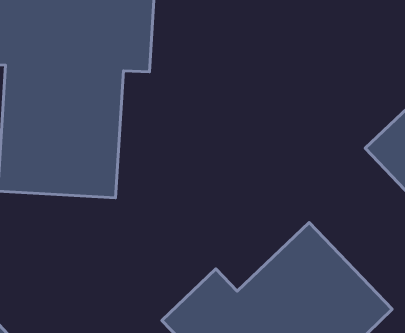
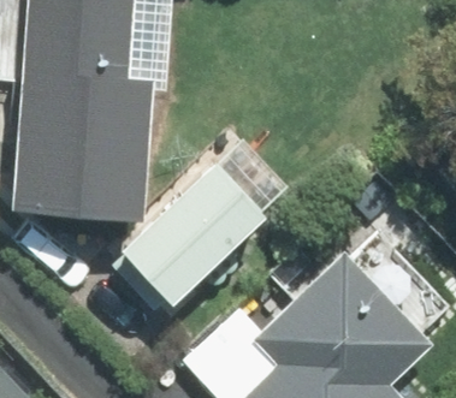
building: none -> [118,167,263,310]

